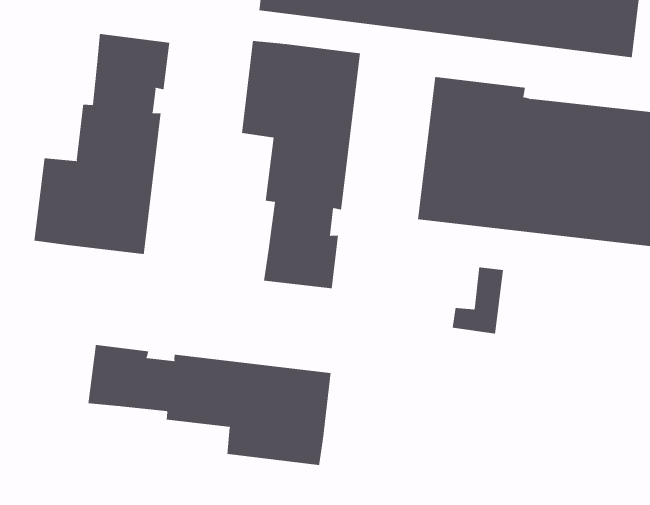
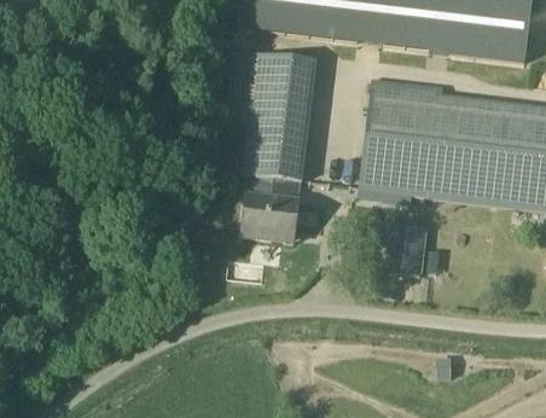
building: [34,33,170,255] -> none
building: [88,344,331,466] -> none

